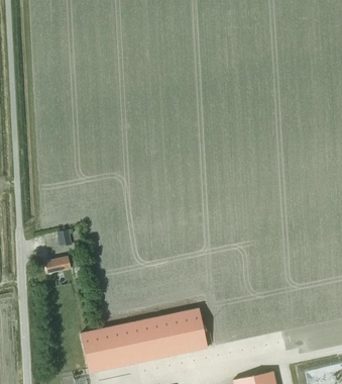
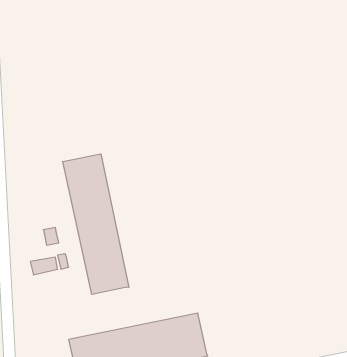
building: none -> [63,154,129,294]

